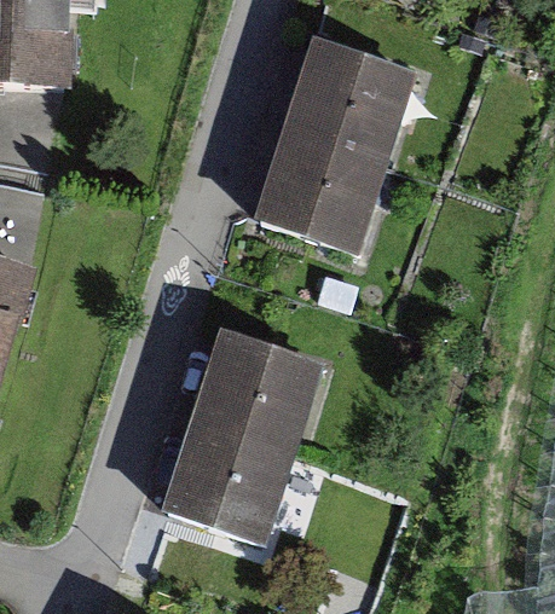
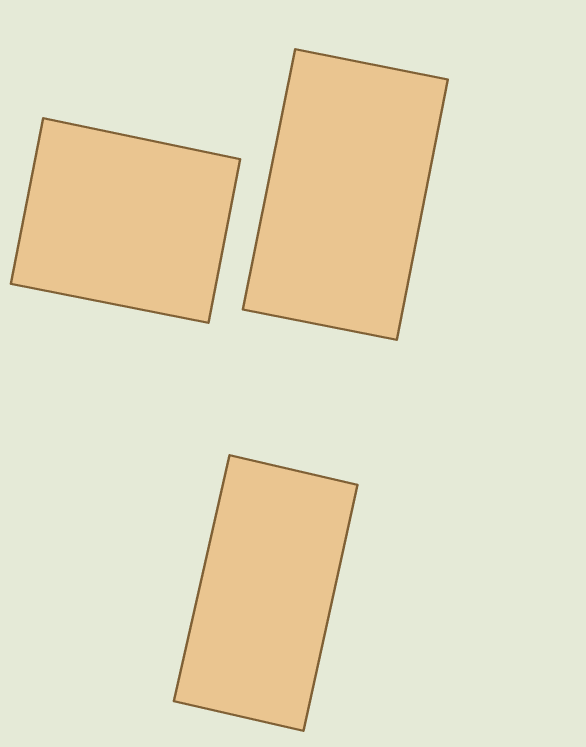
building: none -> [11,118,240,323]

